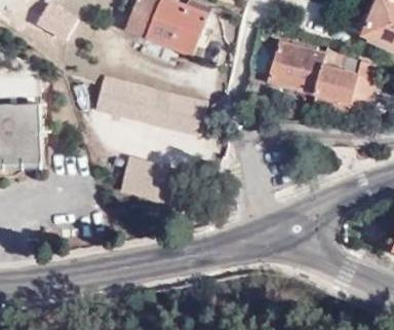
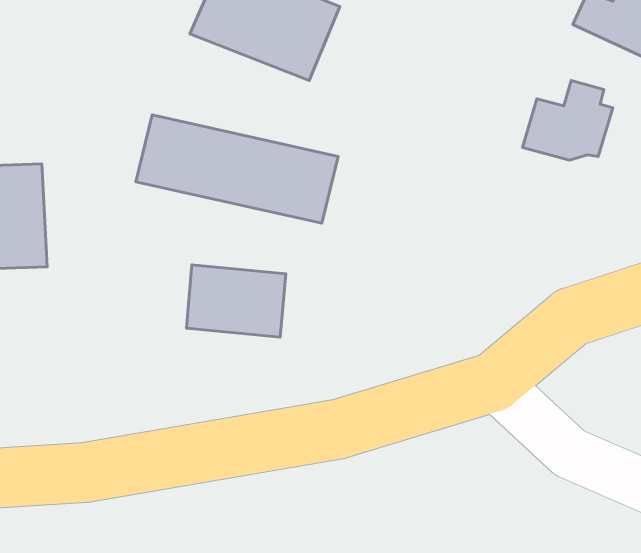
building: [265,41,324,94] -> none

